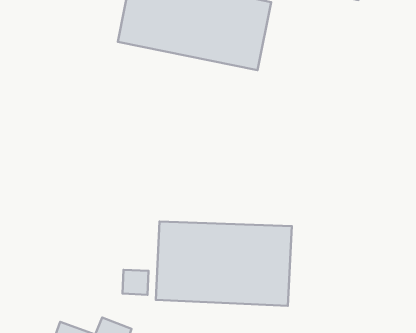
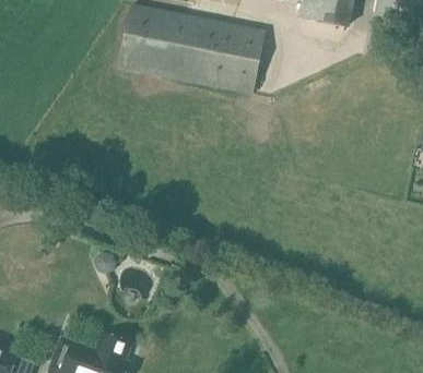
building: [156,222,292,306] -> none

